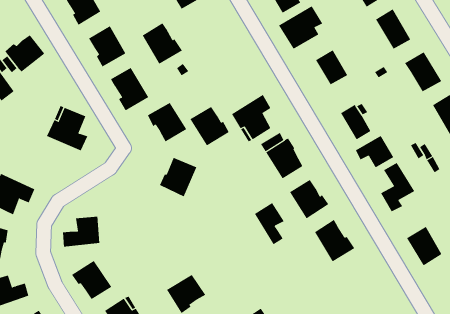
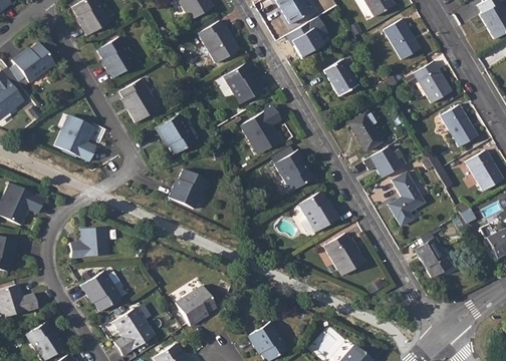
building: [142,23,183,65] -> [198,19,239,61]
building: [189,106,229,146] -> [222,62,262,102]
building: [254,202,284,245] -> none

